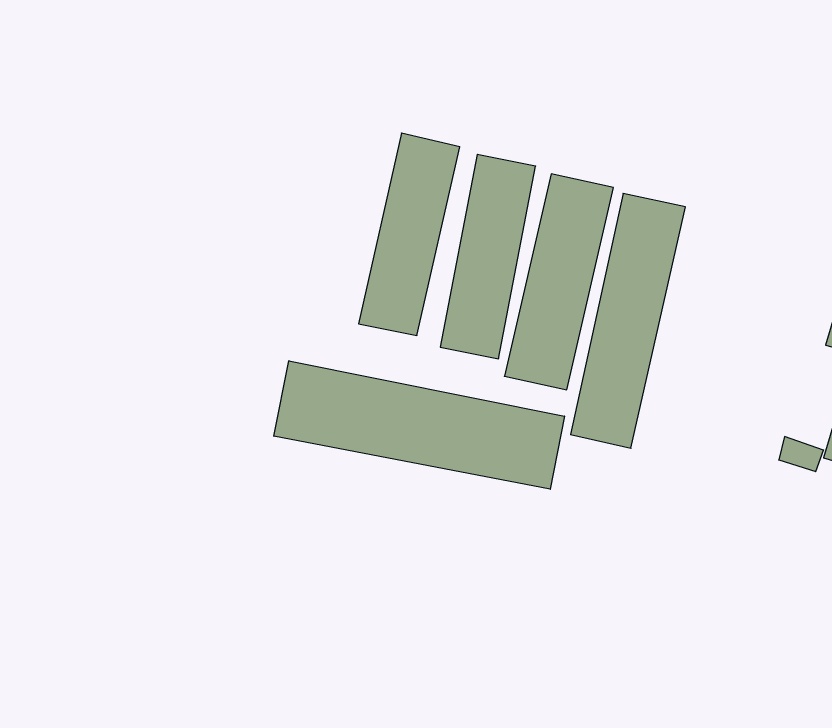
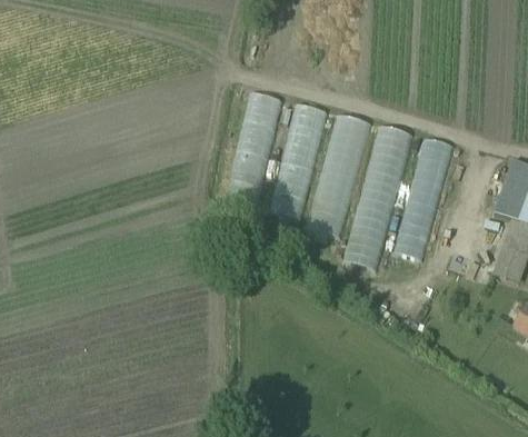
building: none -> [396,137,452,260]
building: [274,361,564,489] -> none

